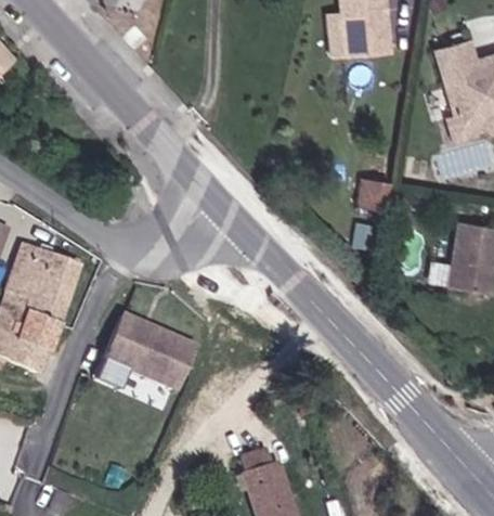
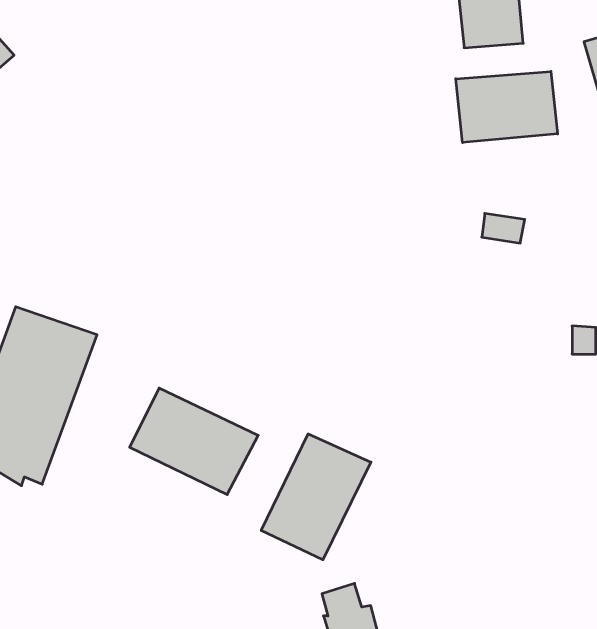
building: none -> [456,71,558,143]
building: none -> [261,434,371,560]

